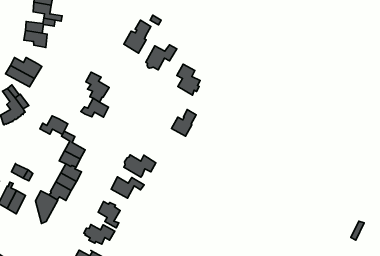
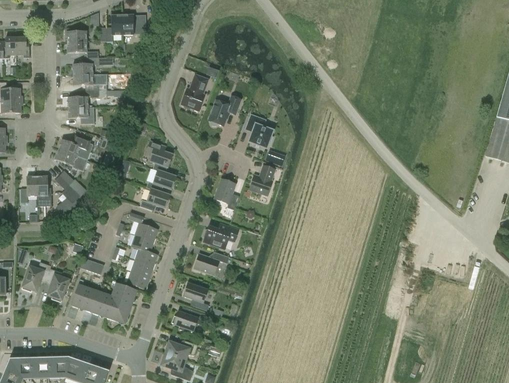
building: none -> [213,178,238,210]
building: [40,116,68,135] -> [139,189,169,210]
building: none -> [92,291,122,321]

